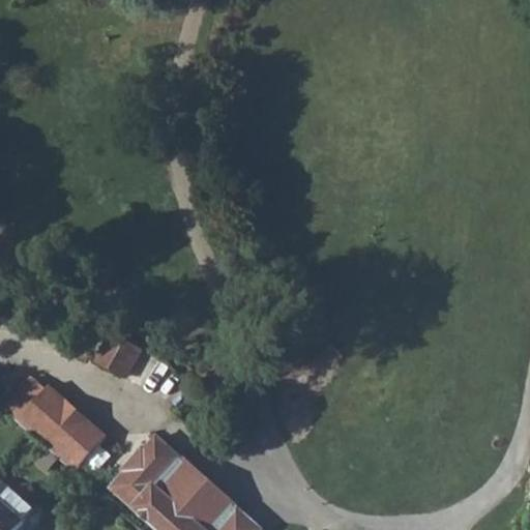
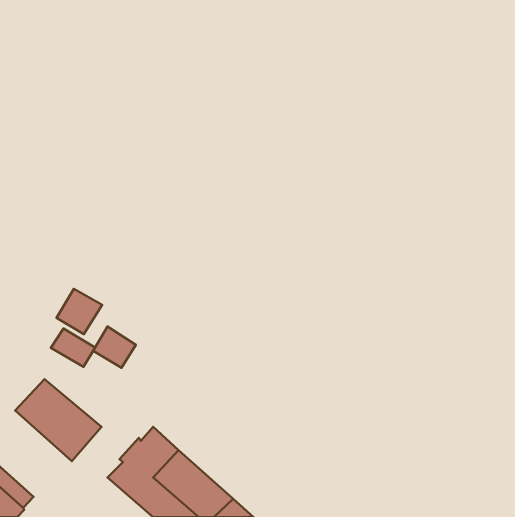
building: none -> [56,289,102,334]
building: none -> [51,328,95,367]

